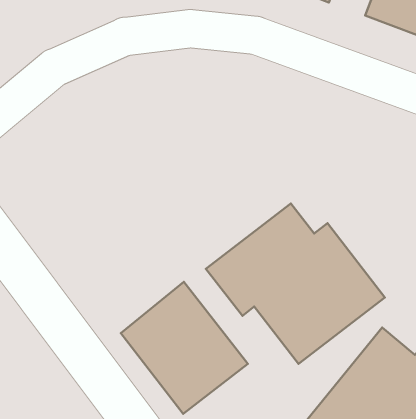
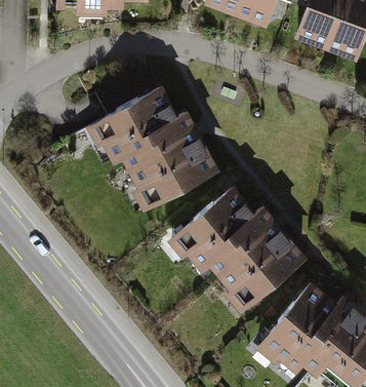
building: none -> [86,87,221,207]
building: [121,282,248,414] -> none

